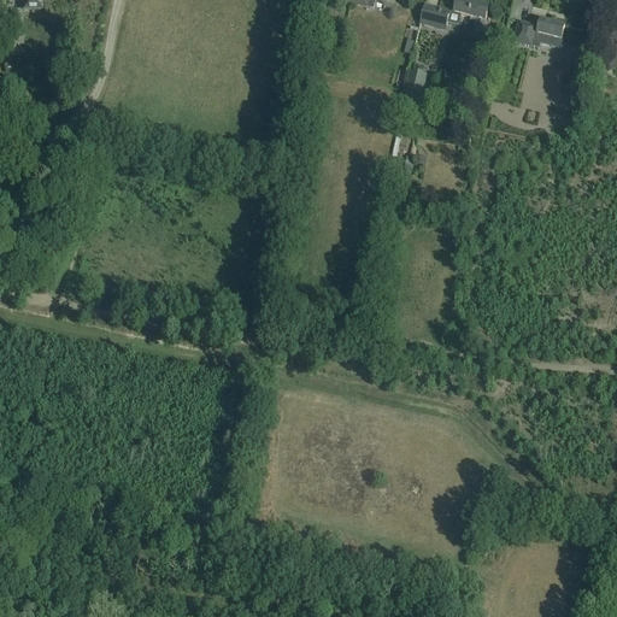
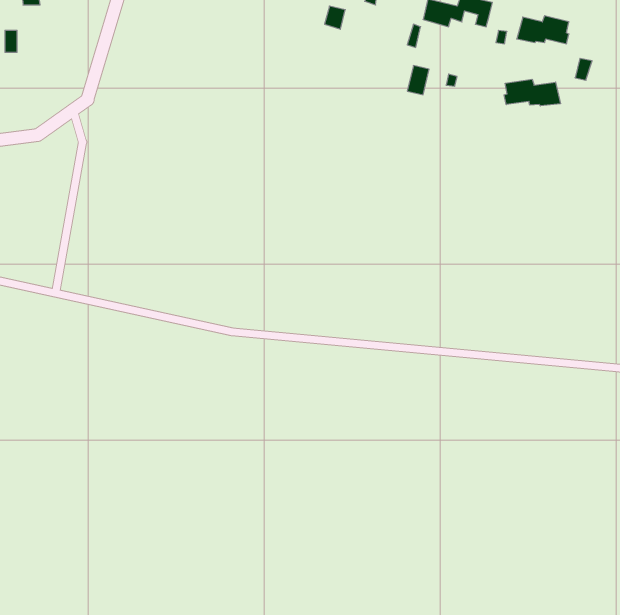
building: none -> [504,79,560,106]

